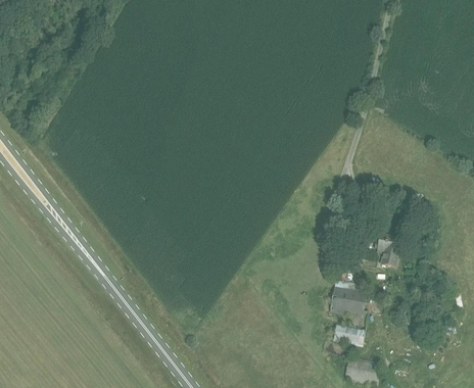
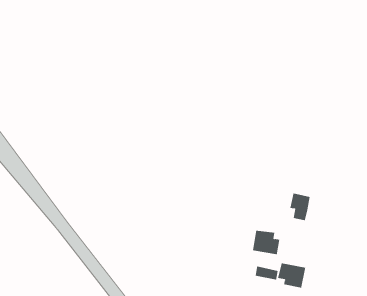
building: none -> [278,262,306,288]

